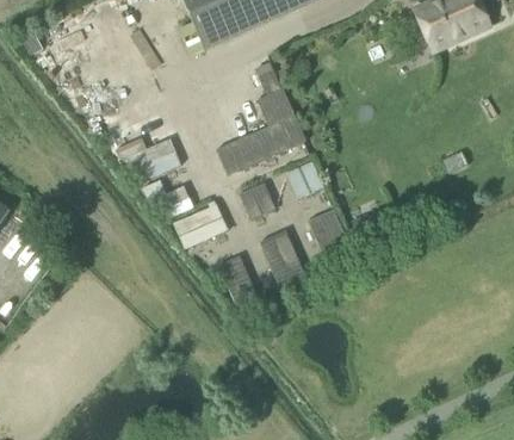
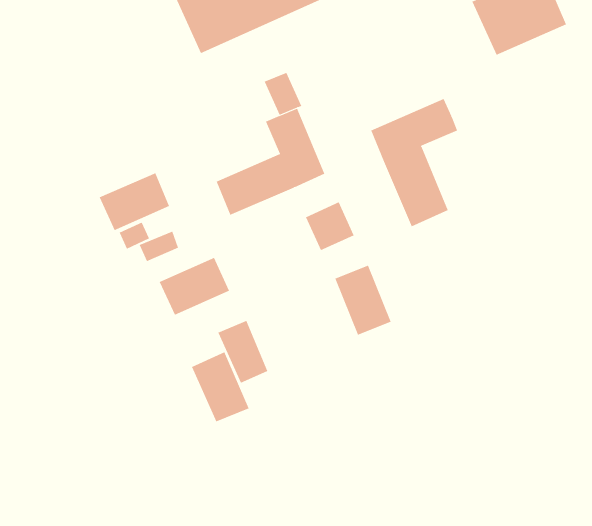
building: none -> [371,98,458,227]
building: [239,182,275,221] -> none
building: [259,231,304,286] -> [191,351,250,422]

